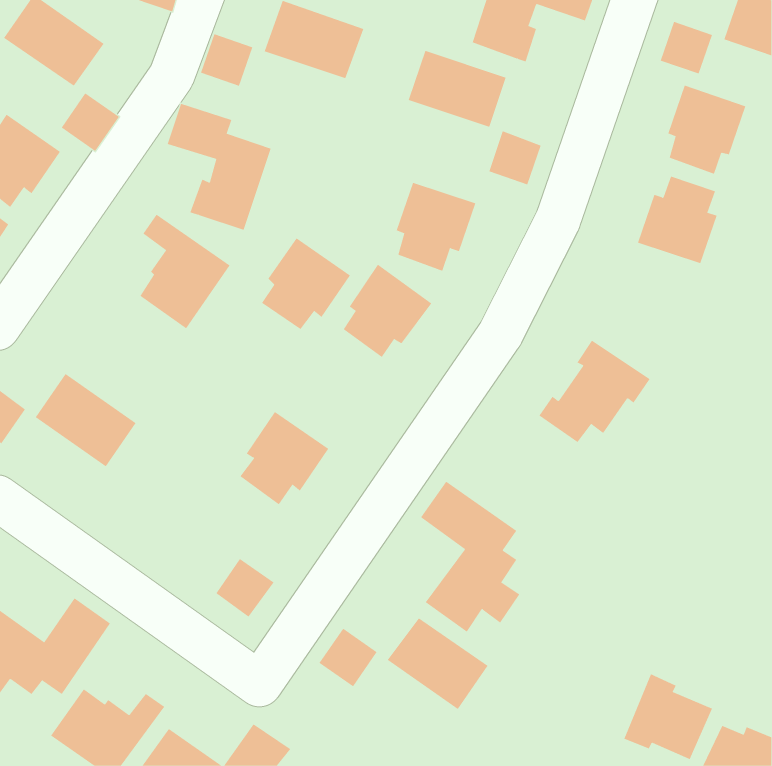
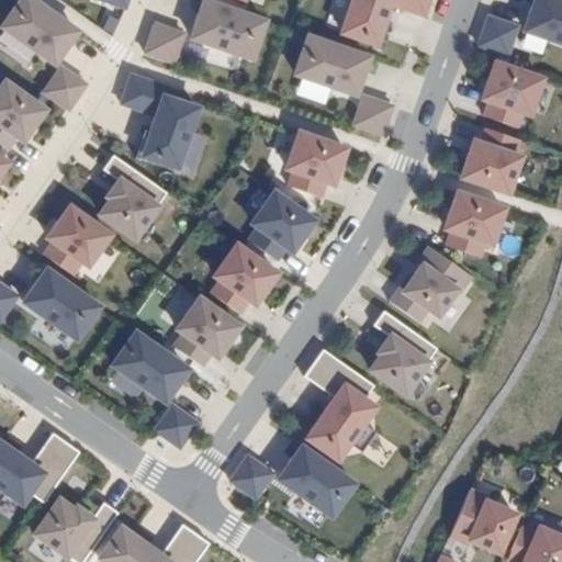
building: [261,237,351,330] -> [211,245,276,312]
building: none -> [445,191,503,256]
building: none -> [45,207,110,274]
building: none -> [370,310,437,392]
building: none -> [114,333,188,400]

